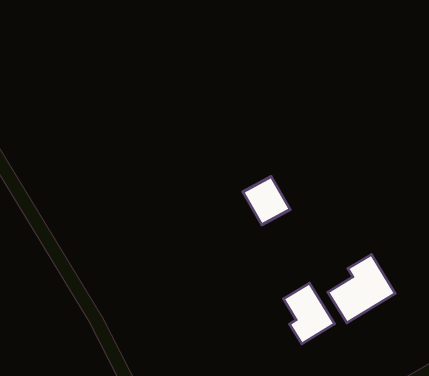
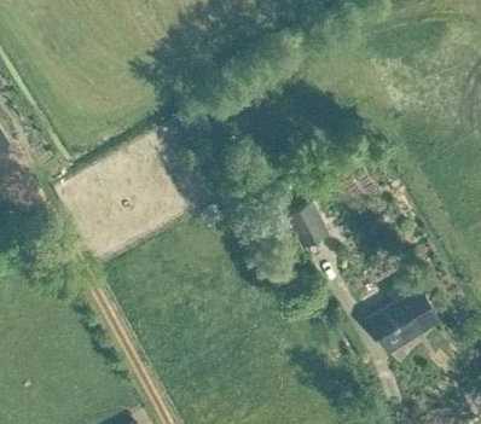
building: [284,283,334,344] -> none

